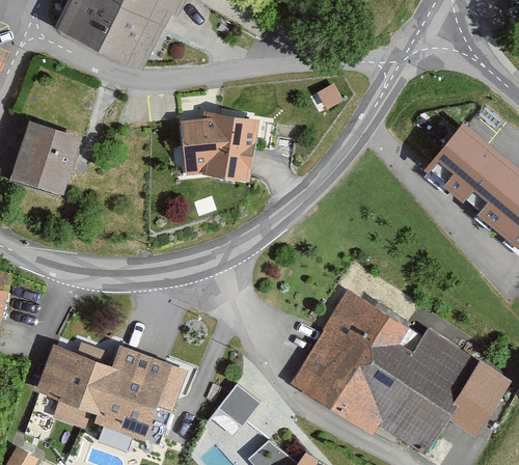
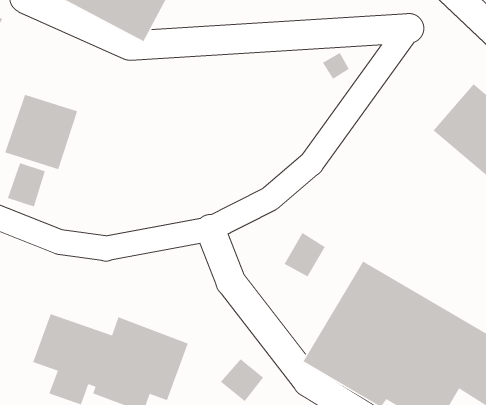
building: [180,114,255,185] -> none
building: none -> [7,162,46,207]
building: none -> [283,232,326,277]

